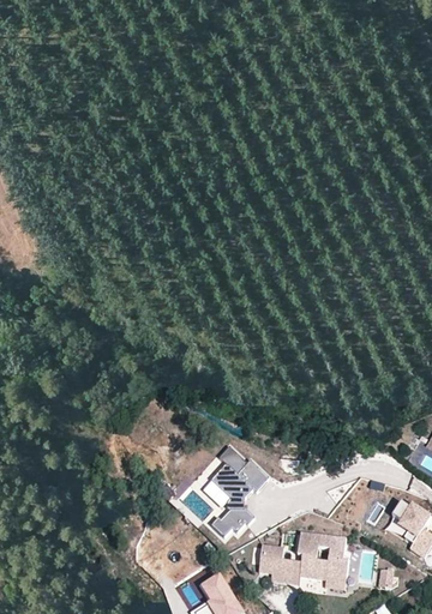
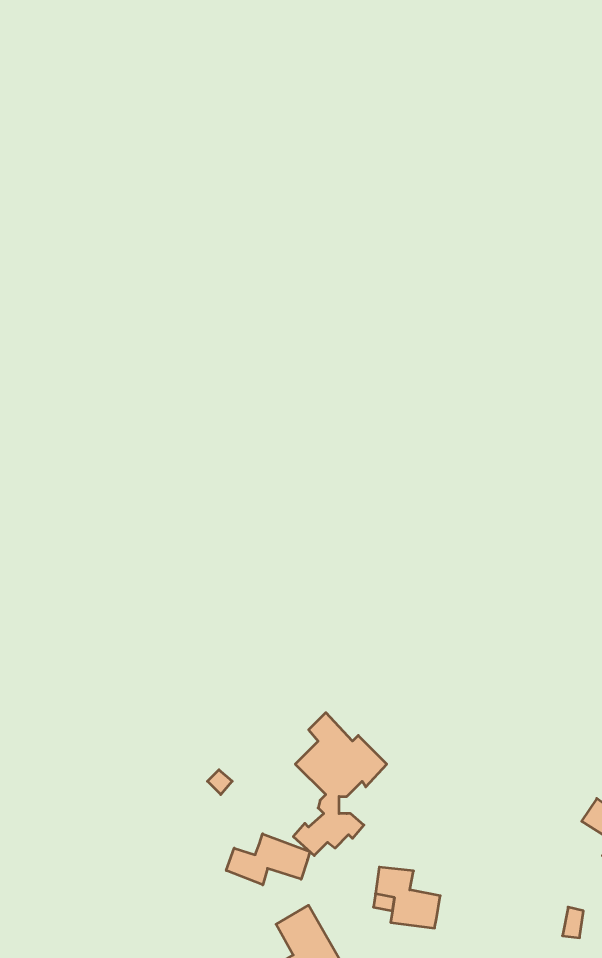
building: none -> [226,834,310,885]
building: [298,535,348,588] -> none

